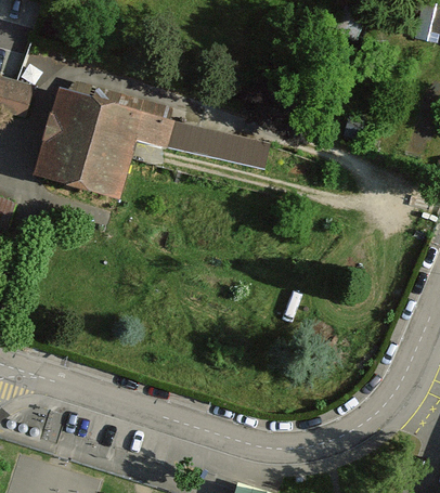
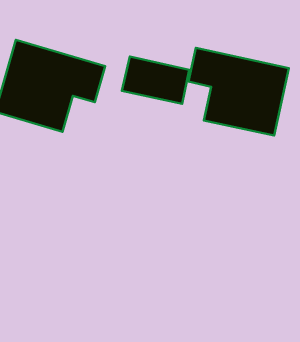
building: none -> [189,48,289,135]

